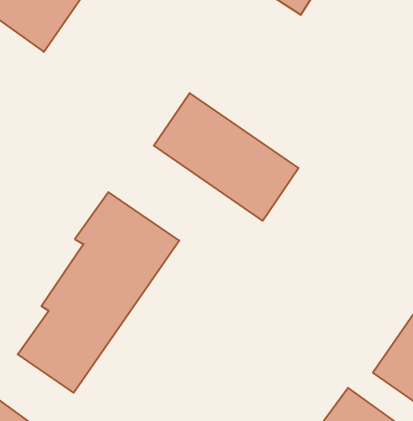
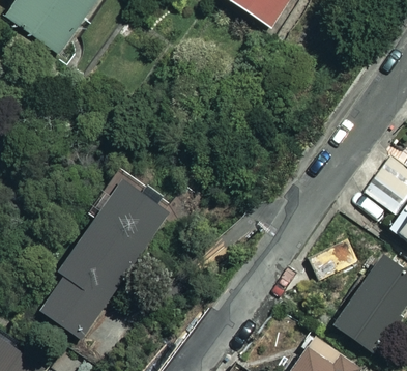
building: [154,93,299,221] -> none

